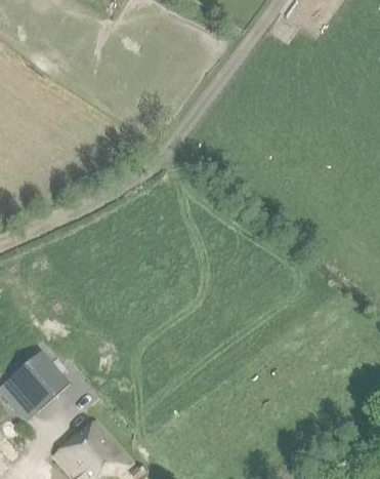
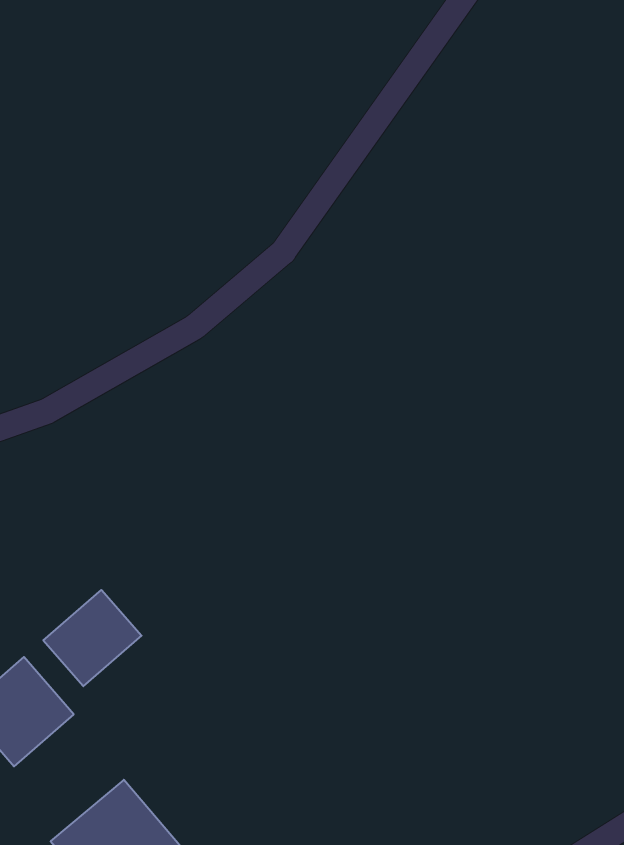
building: none -> [43,590,142,686]

